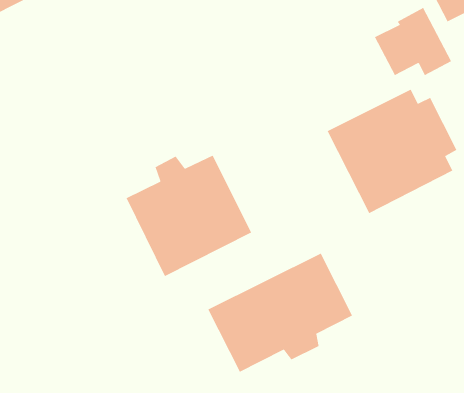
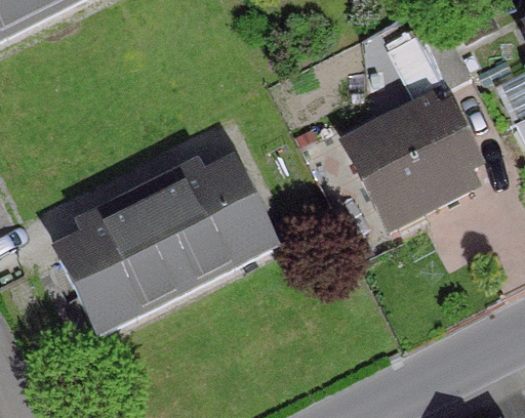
building: none -> [59,208,186,330]
building: [207,252,353,373] -> none

